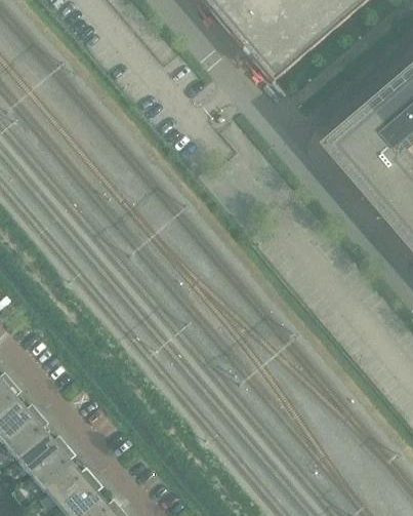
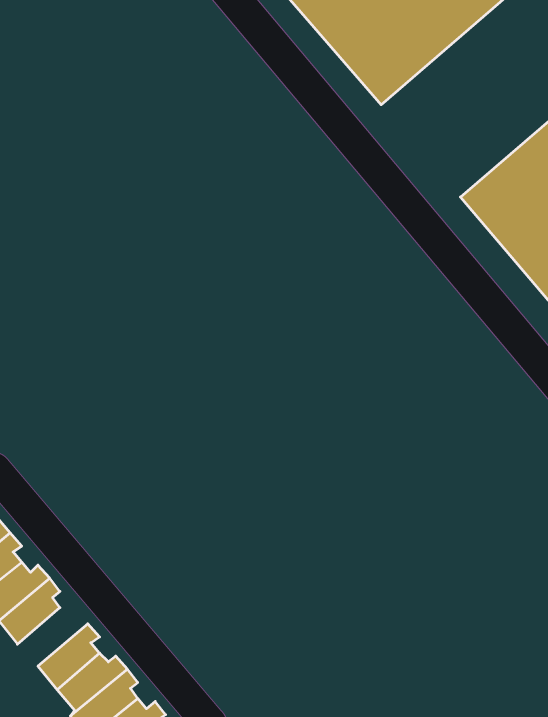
building: [18,429,68,470] -> none

